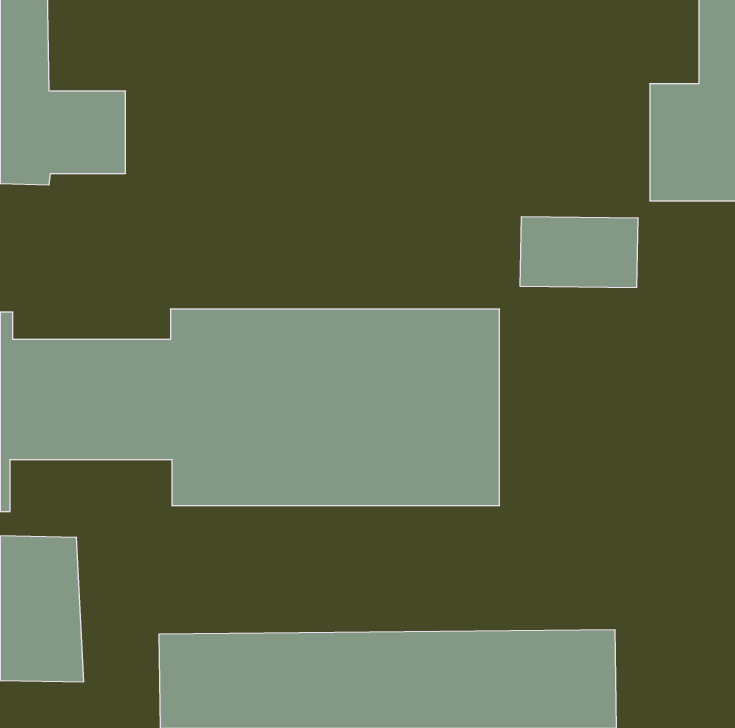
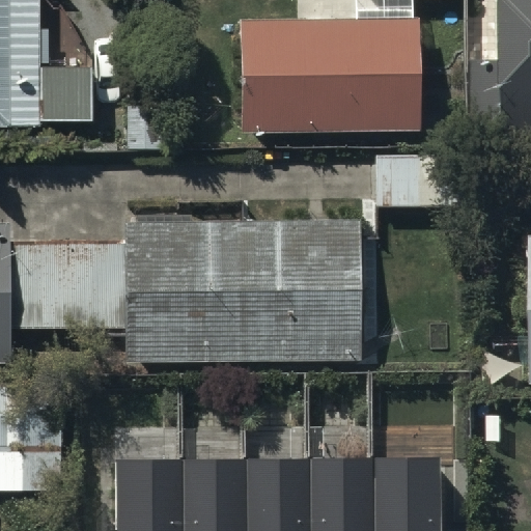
building: none -> [236,18,412,132]

